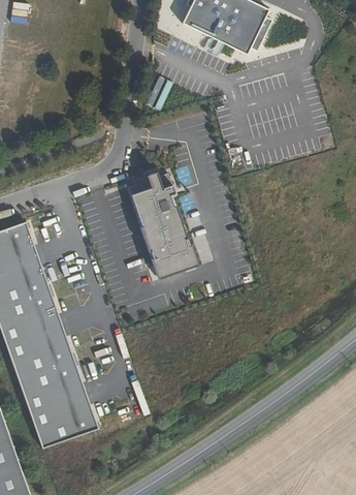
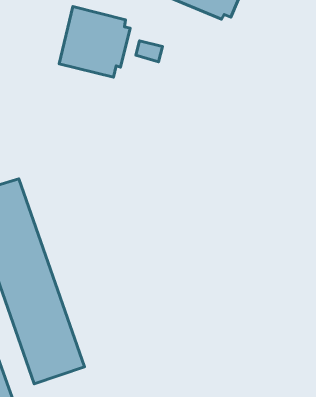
building: none -> [59,7,130,77]
building: [127,171,198,278] -> none

